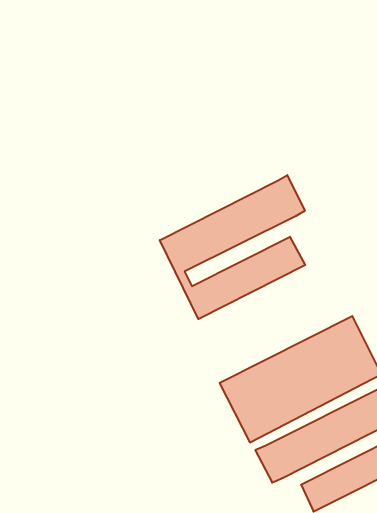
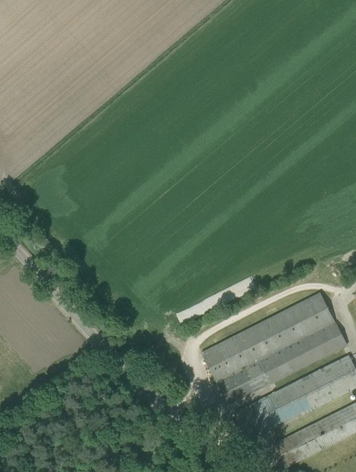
building: [160,175,305,319] -> none

